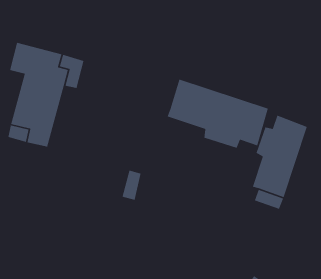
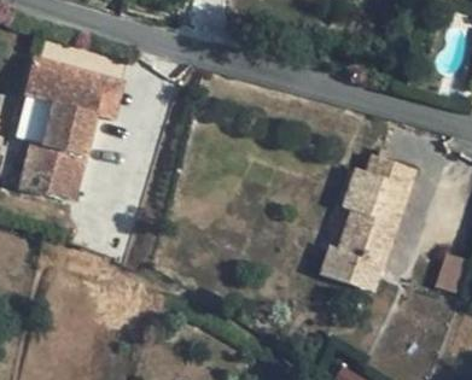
building: [167,78,269,149] -> none

